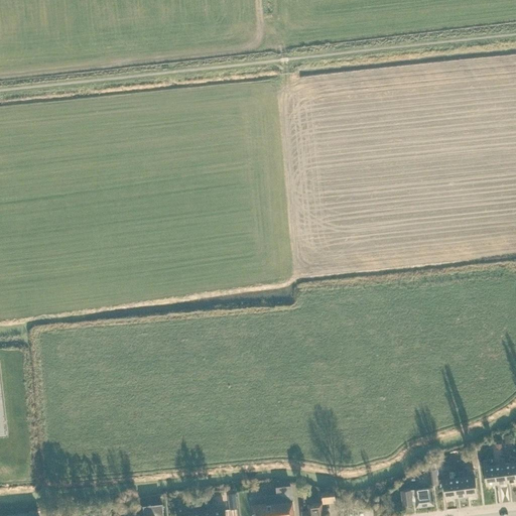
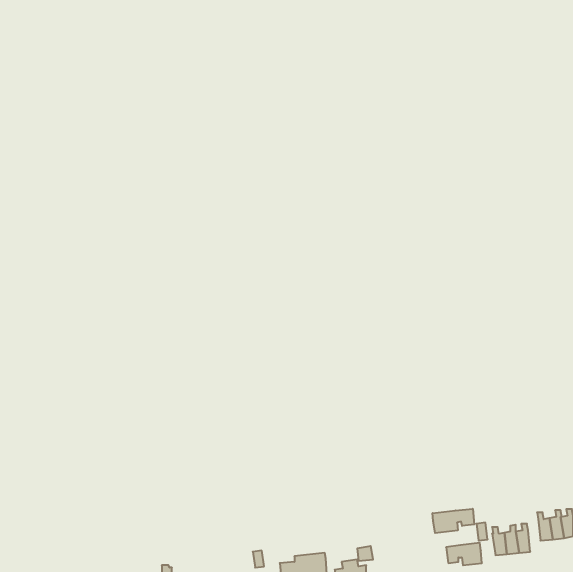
building: none -> [433,509,474,533]

